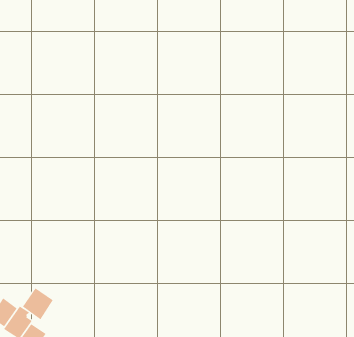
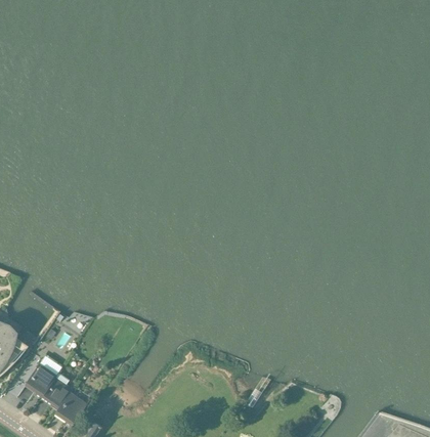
building: [22,288,54,320] -> none

